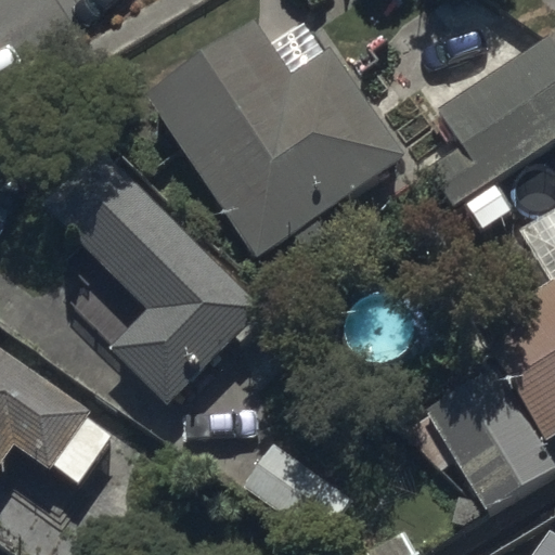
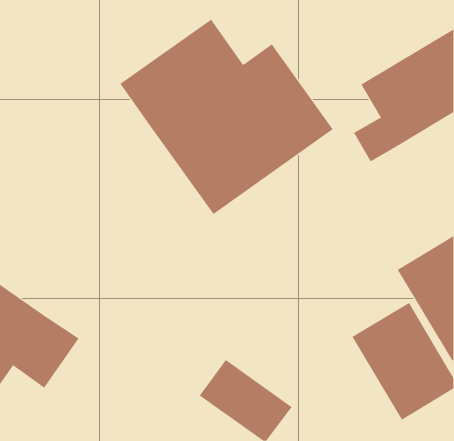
building: [52,154,263,400] -> none

